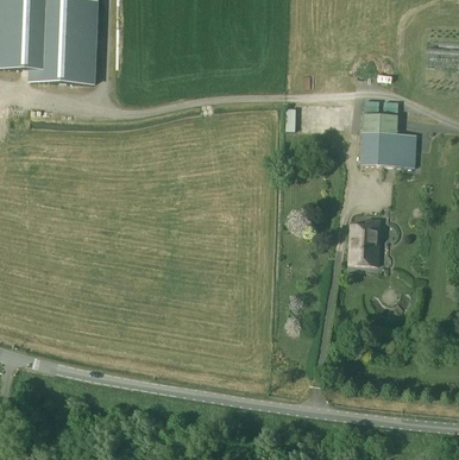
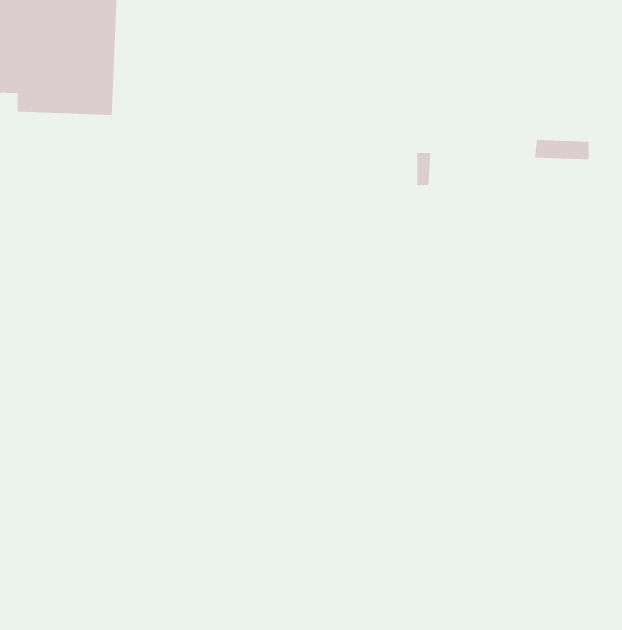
building: [361,113,415,165] -> none
building: [348,215,381,265] -> none

